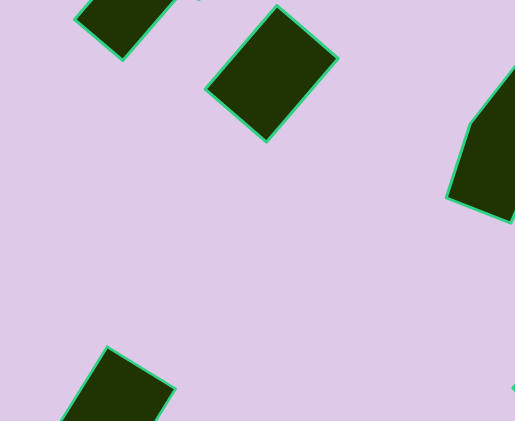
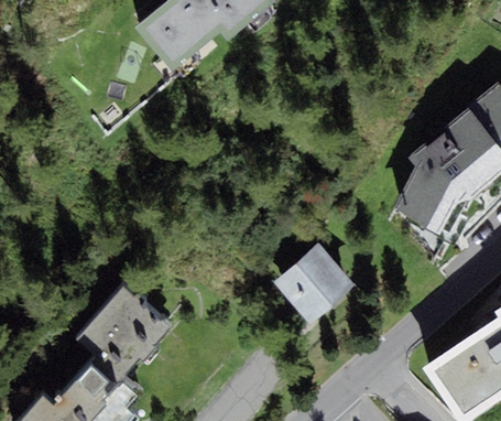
building: [205,6,338,142] -> none
building: none -> [275,247,353,324]

